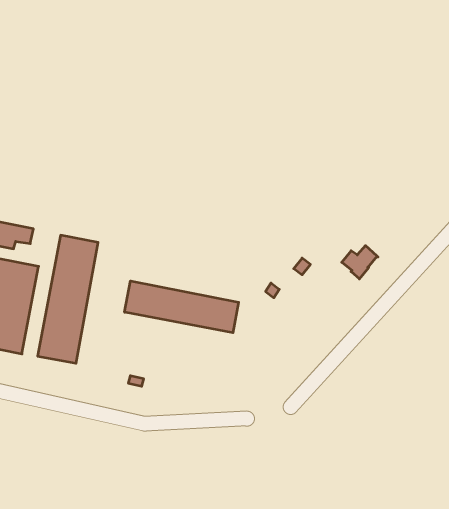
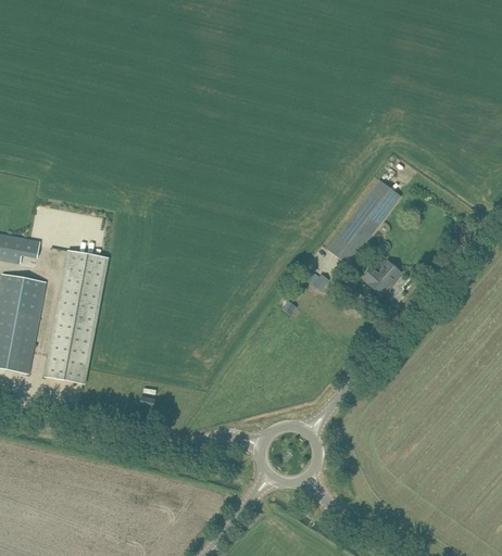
building: none -> [327,179,401,264]
building: [125,281,239,333] -> none

